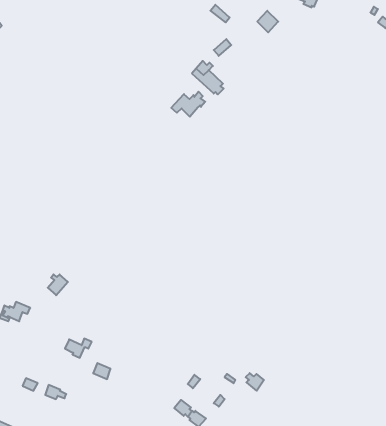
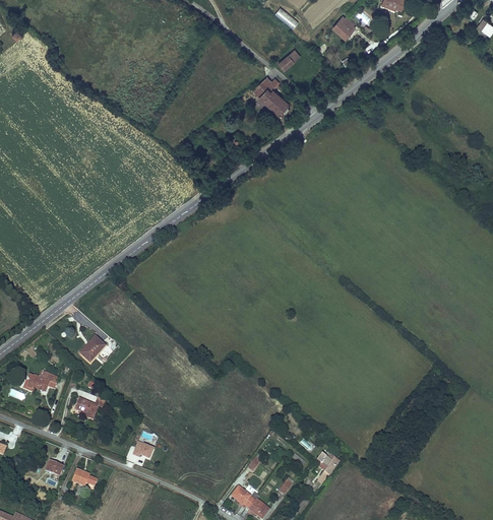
building: [171,92,205,117] -> none
building: [65,339,92,358] -> [72,394,105,417]

